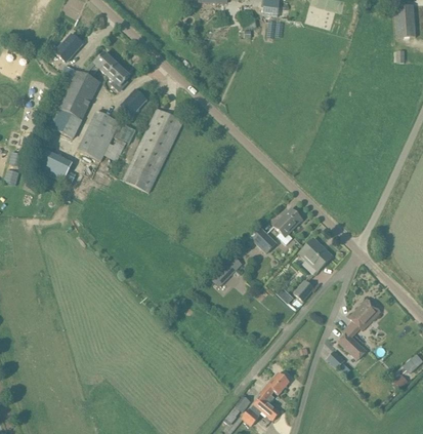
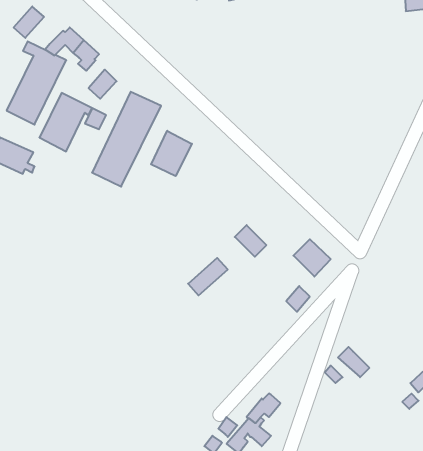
building: none -> [151,131,192,176]
building: [273,208,301,244] -> none
building: [344,299,380,337] -> none

